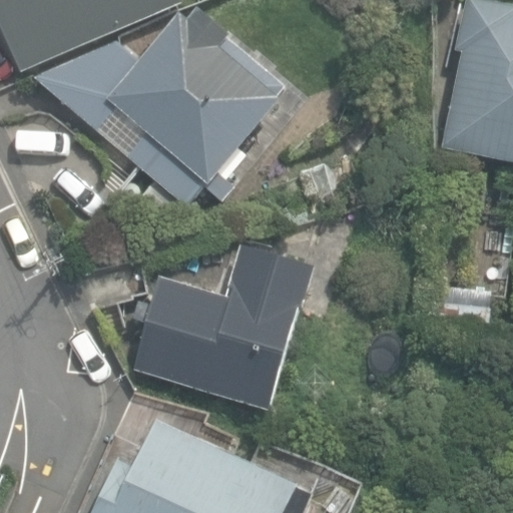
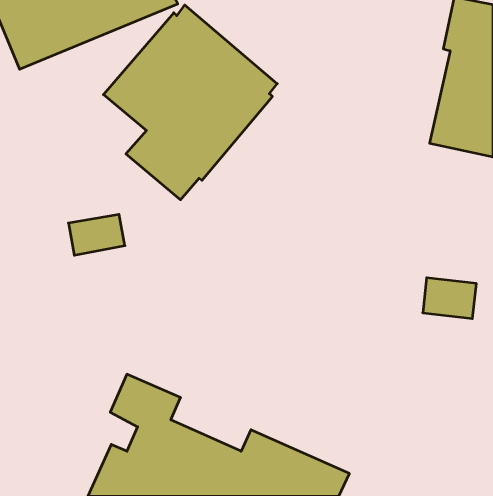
building: [129,243,318,411] -> none

